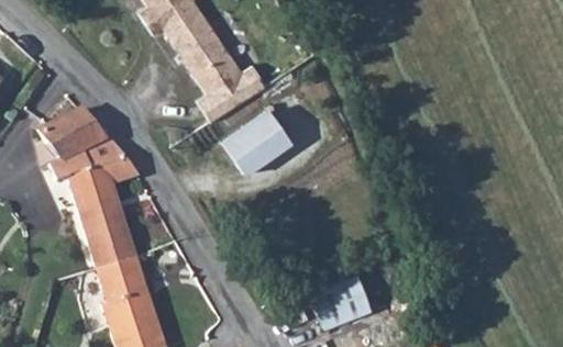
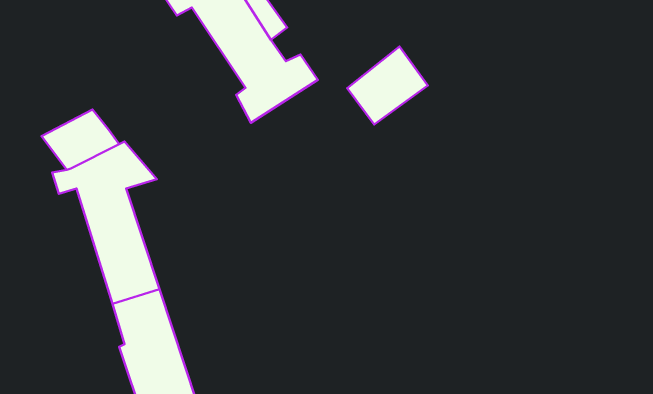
building: [222,111,288,175] -> [347,47,428,124]
building: [310,275,373,328] -> none

